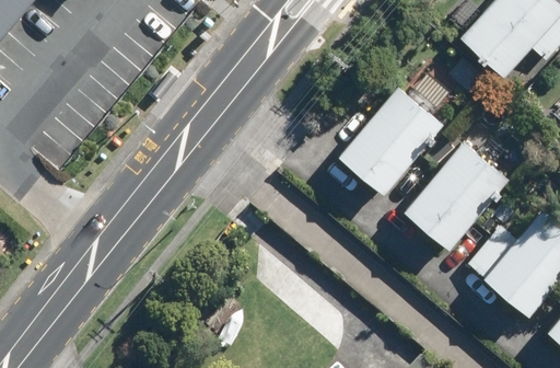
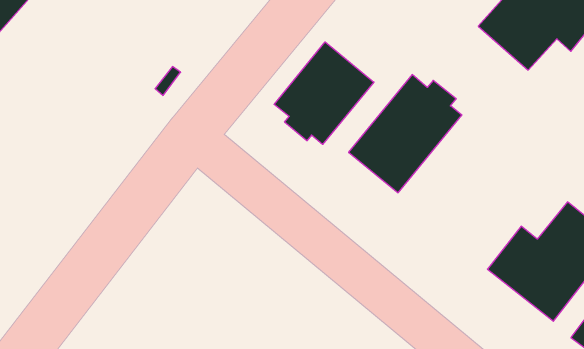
building: none -> [274,42,374,144]
building: [401,136,509,248] -> none

